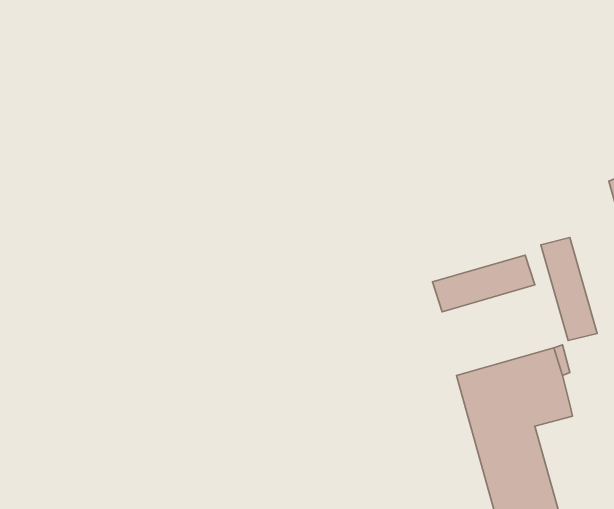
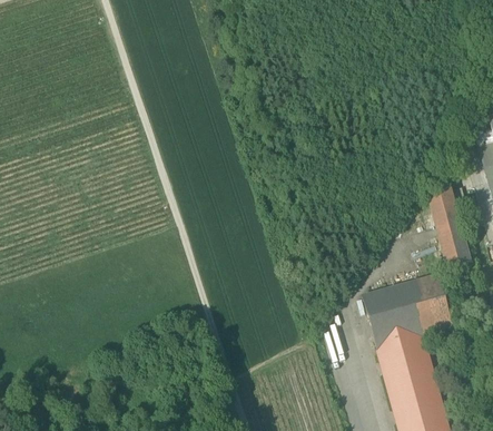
building: [432,255,535,312] -> none

